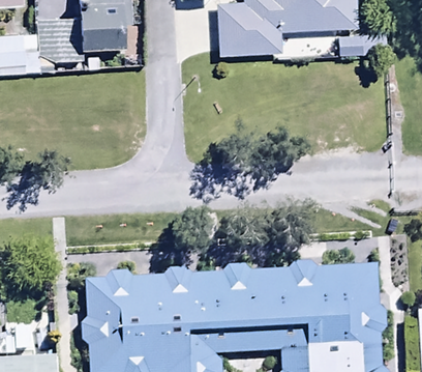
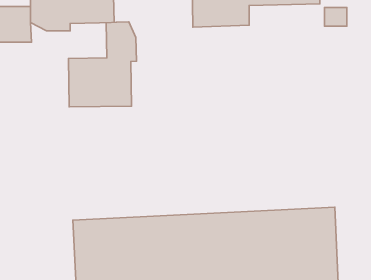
building: none -> [68,22,137,107]

